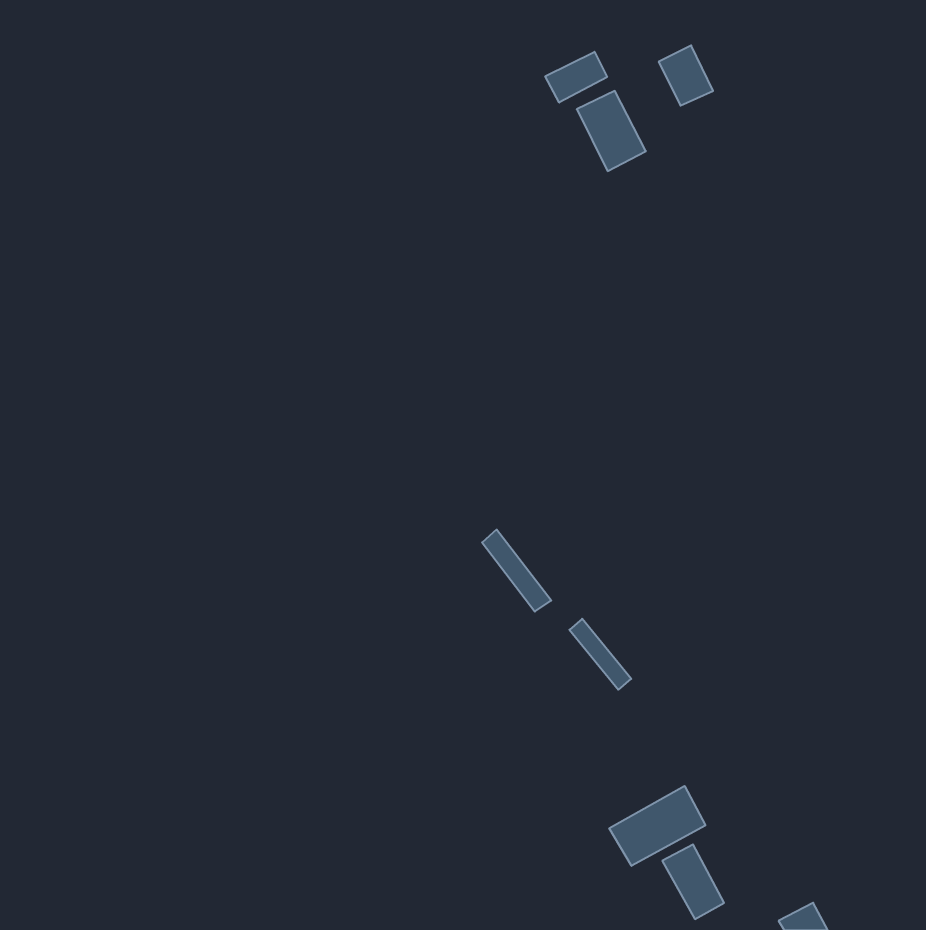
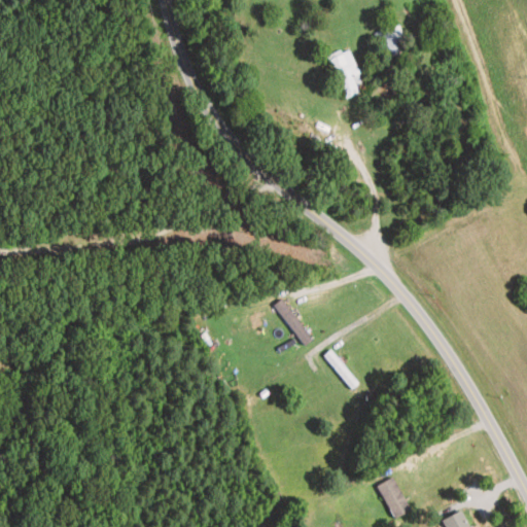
building: [545,52,607,103] -> none
building: [609,786,705,866] -> none

